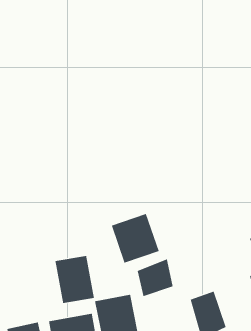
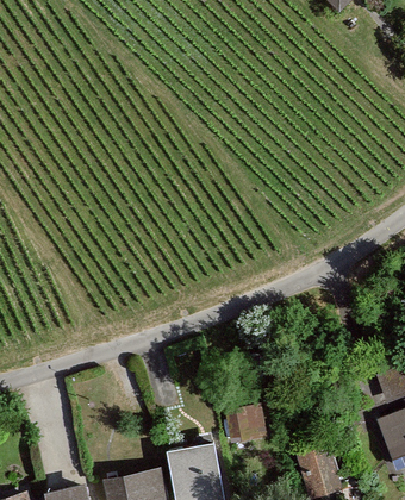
building: [111,213,159,264] -> none
building: [55,255,95,304] -> none

